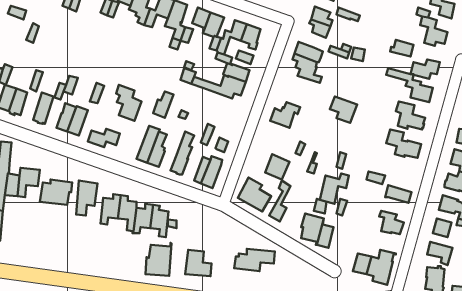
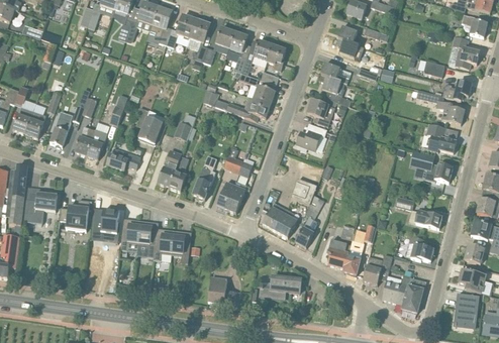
building: [330,97,357,123] -> [307,99,335,126]
building: [320,173,349,204] -> [363,253,393,284]
building: [146,243,172,276] -> none

